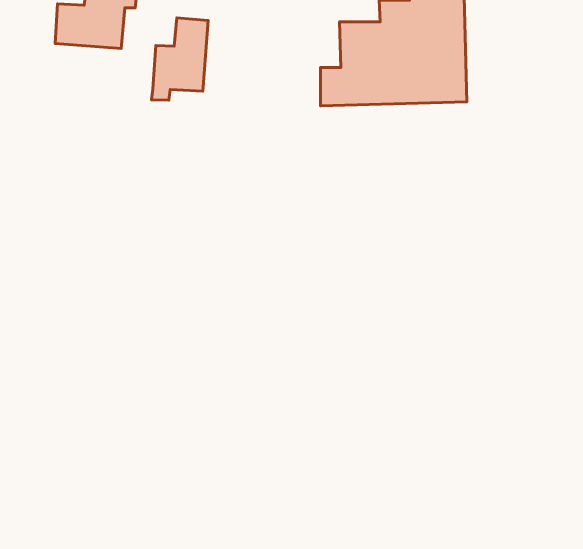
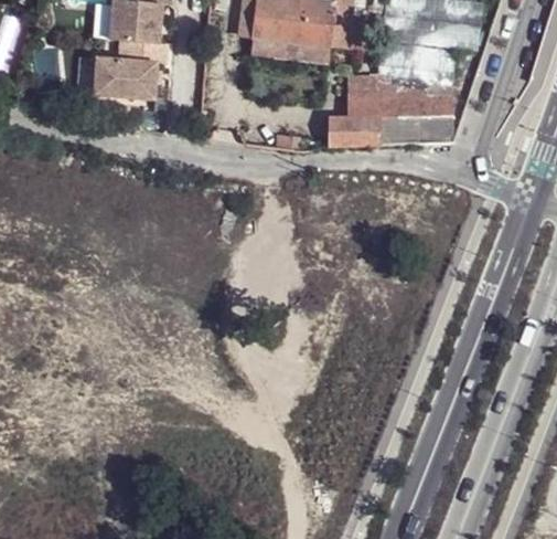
building: [152,18,208,100] -> none

